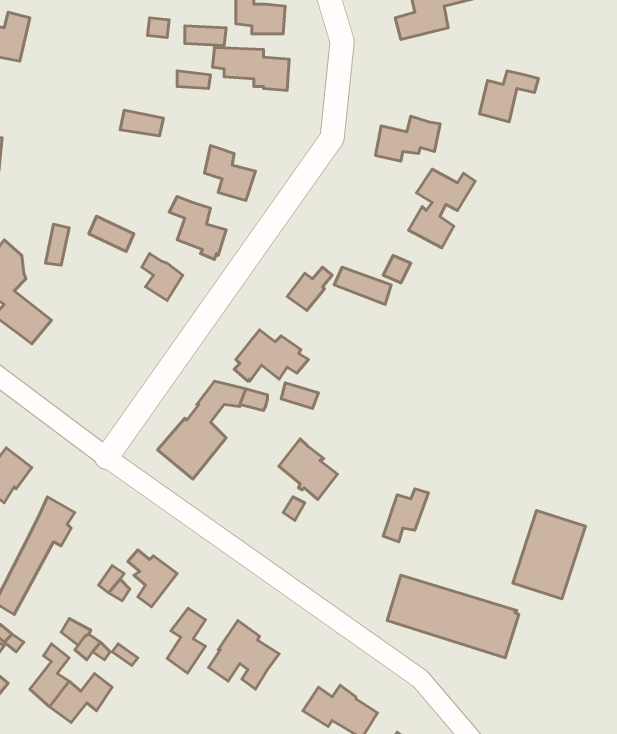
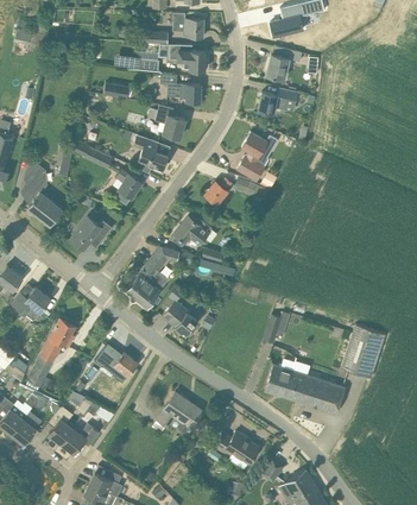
building: [480,71,539,122] -> [266,48,302,78]
building: none -> [160,72,201,102]
building: [409,169,475,248] -> [236,132,277,179]
building: none -> [70,216,112,250]
building: [279,439,338,500] -> [162,299,197,336]
building: [167,608,206,673] -> none

